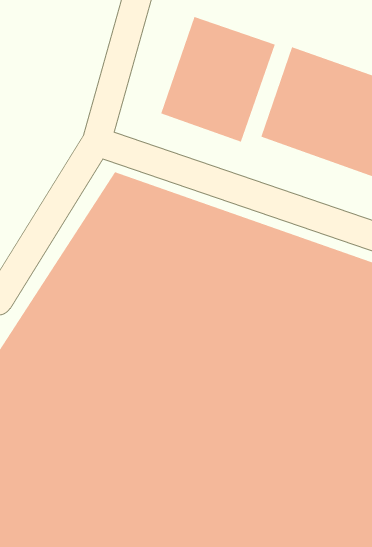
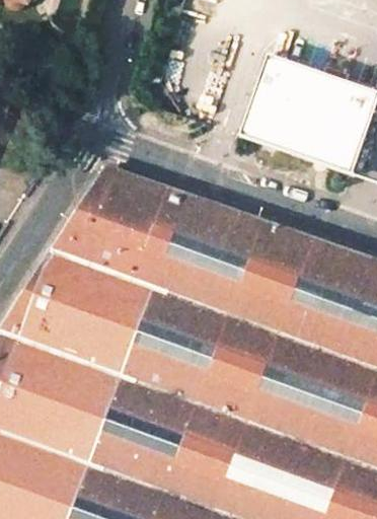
building: [160,16,276,143] -> none

